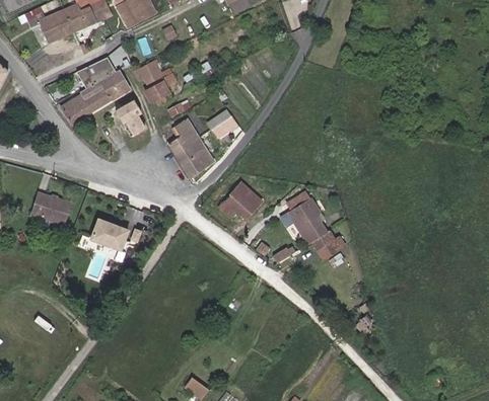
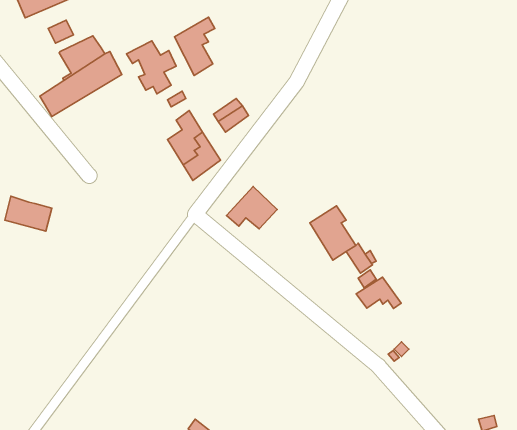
building: none -> [175,17,215,75]
building: [116,101,145,135] -> none
building: [89,217,131,251] -> none
building: none -> [356,277,401,308]

